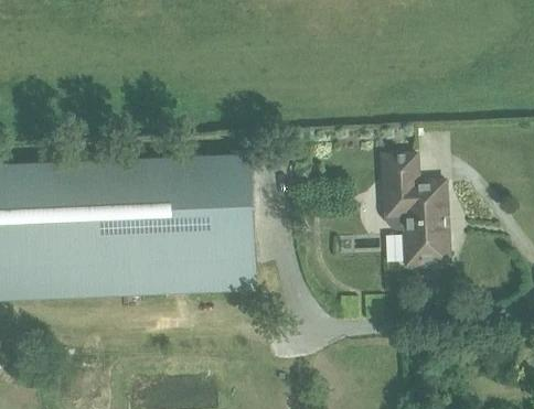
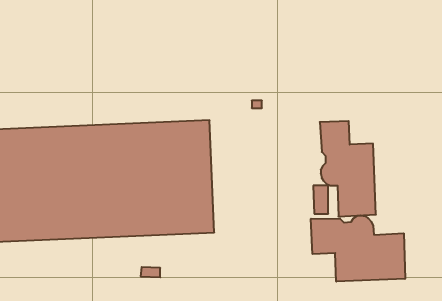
building: none -> [311,215,405,282]

